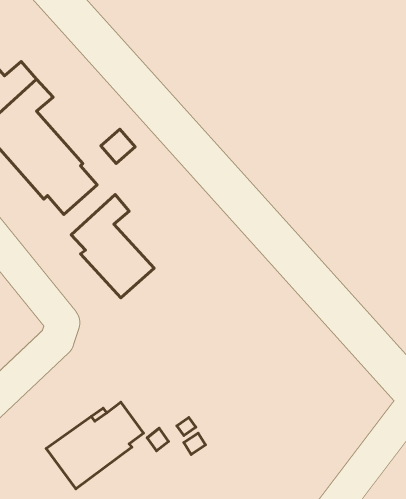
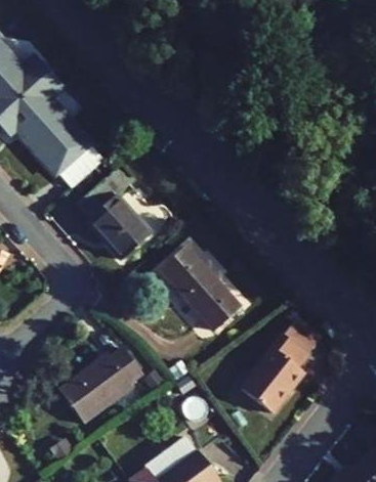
building: none -> [160,246,240,330]
building: none -> [241,334,307,411]

